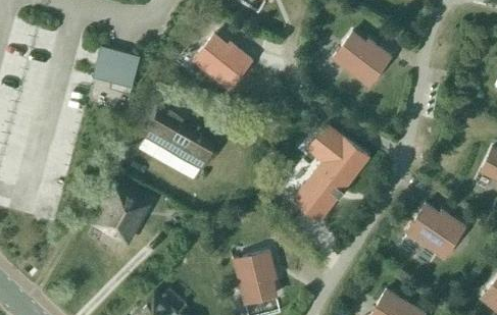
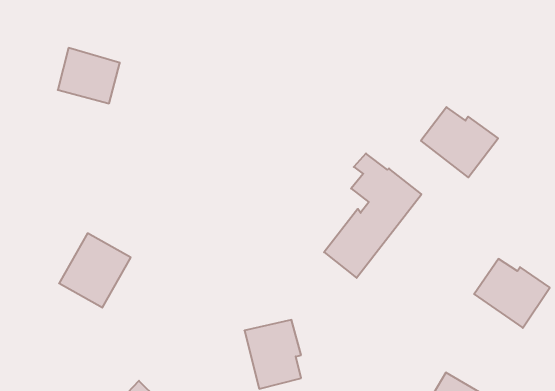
building: [333,33,391,86] -> [421,107,498,177]
building: [194,35,252,89] -> none
building: [145,110,217,168] -> none

